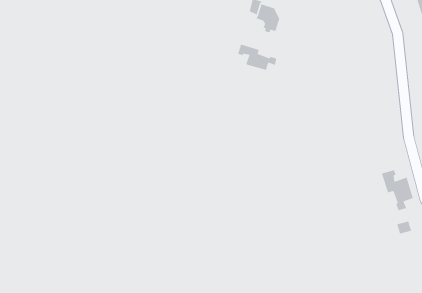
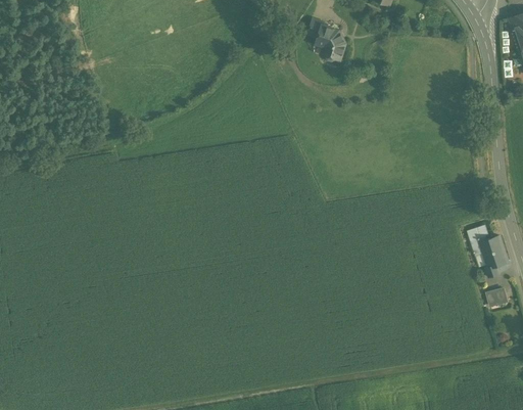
building: [237,43,277,71] -> none

